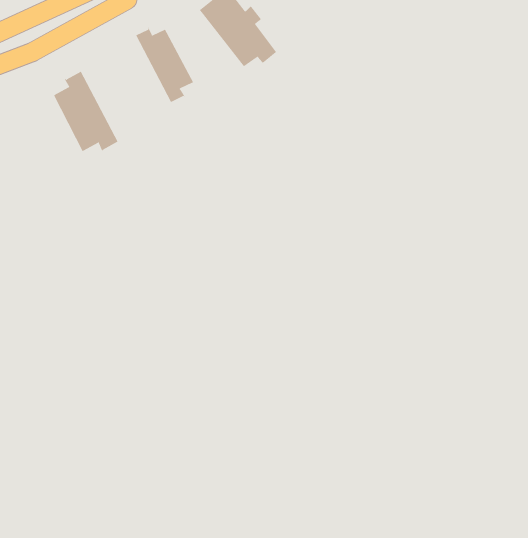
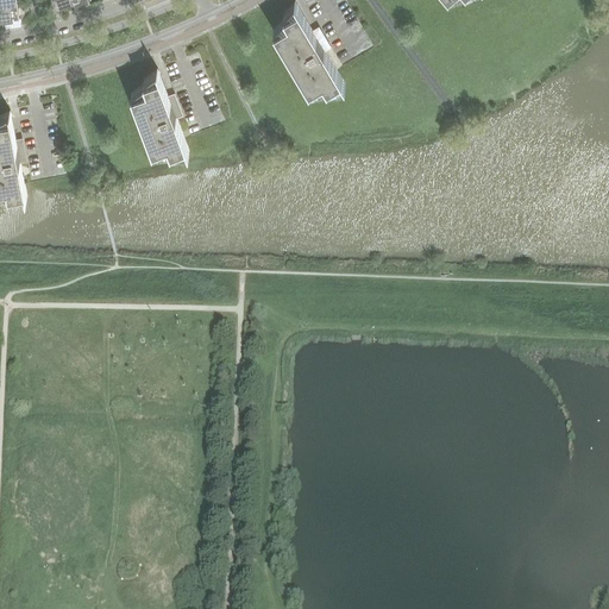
building: [132,27,194,110] -> none

